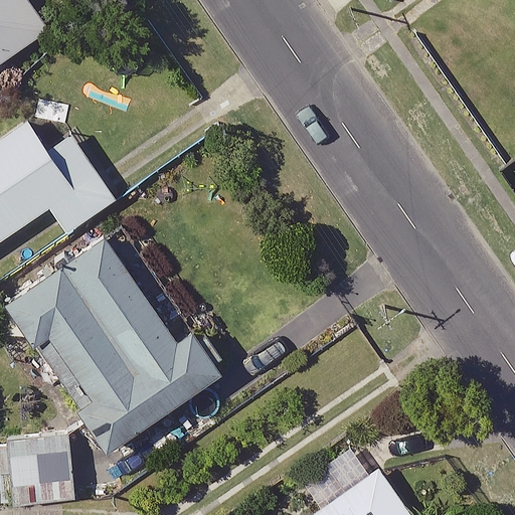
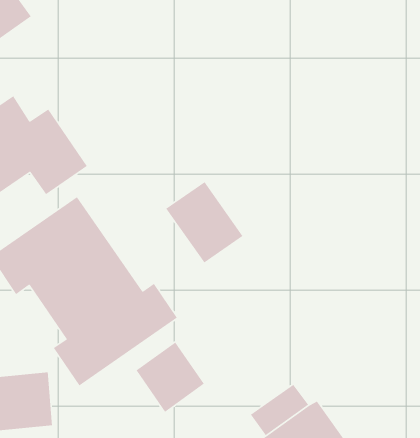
building: none -> [165,181,244,263]
building: none -> [135,341,205,413]

